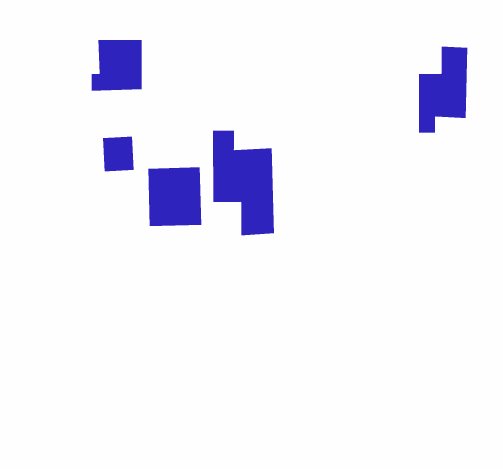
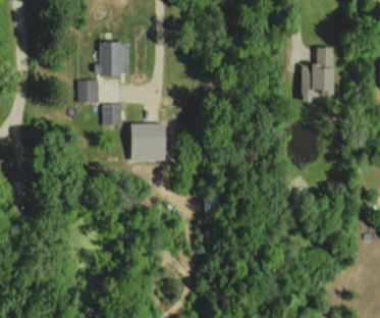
building: none -> [77,81,99,103]
building: [213,130,275,236] -> none

